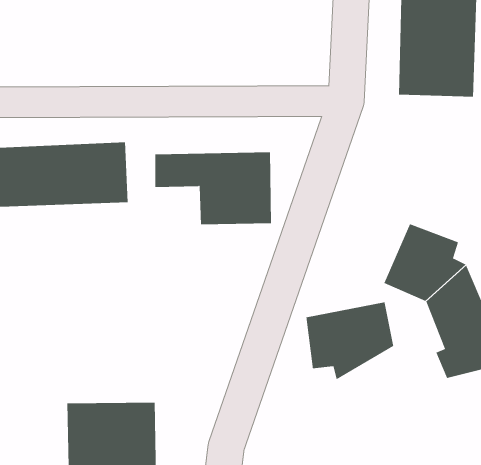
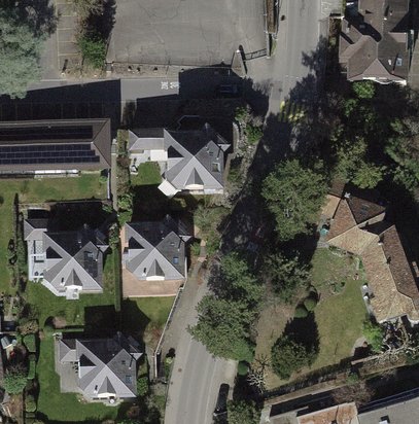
building: none -> [27,221,105,292]
building: none -> [128,222,189,285]
building: [306,302,394,380] -> none

